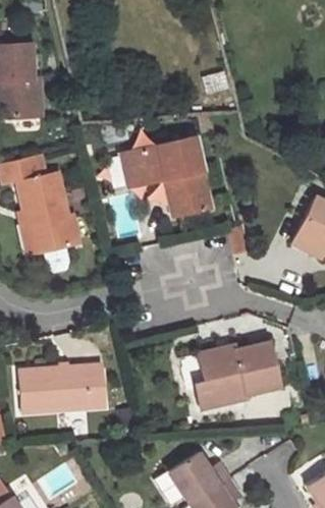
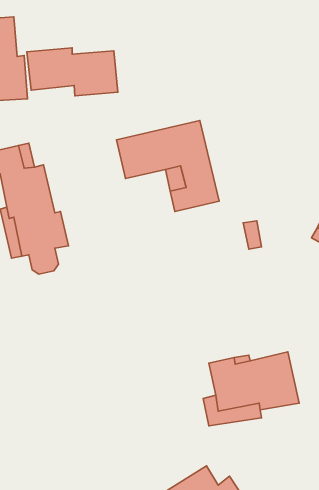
building: none -> [27,48,118,96]
building: [20,366,107,413] -> none

